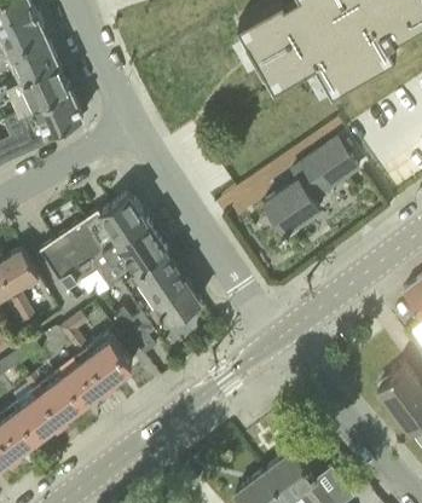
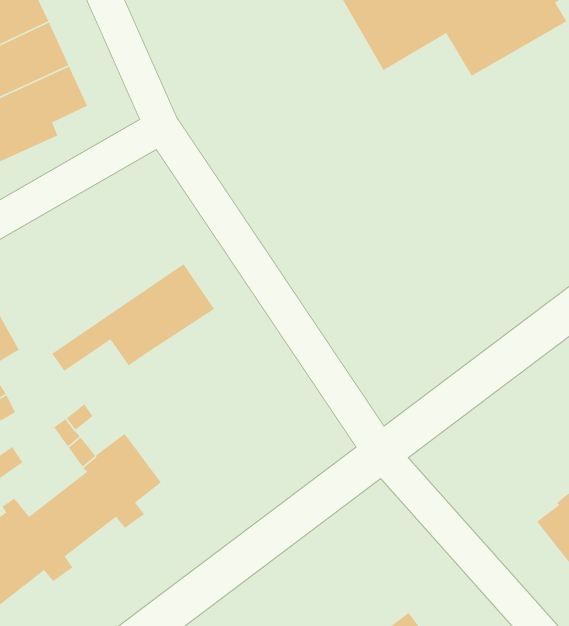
building: [264,141,358,237] -> none
building: [39,196,145,281] -> none
building: [114,252,200,357] -> none

